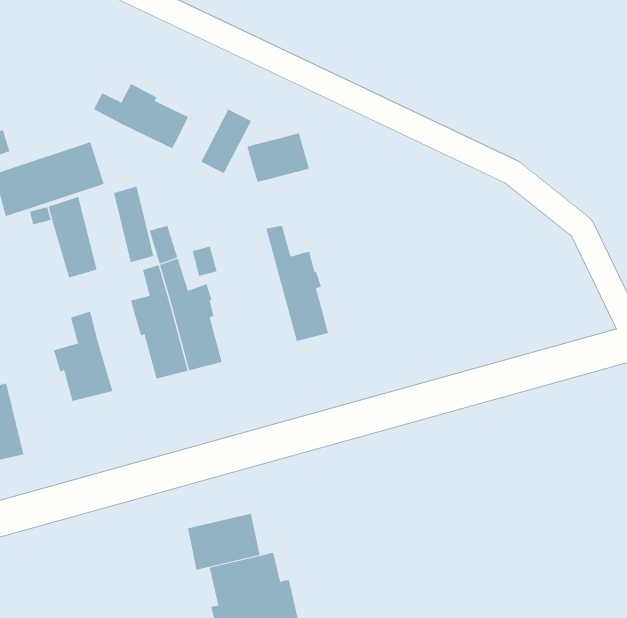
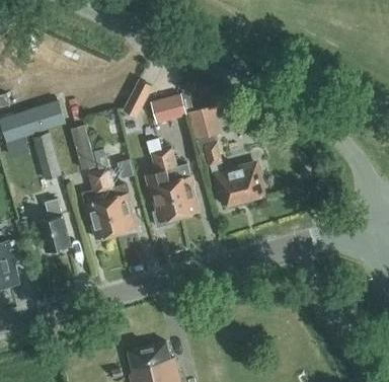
building: [93,83,189,149] -> none
building: none -> [188,106,220,140]
building: none -> [145,138,179,226]
building: none -> [205,142,264,205]
building: [187,513,260,570] -> none

